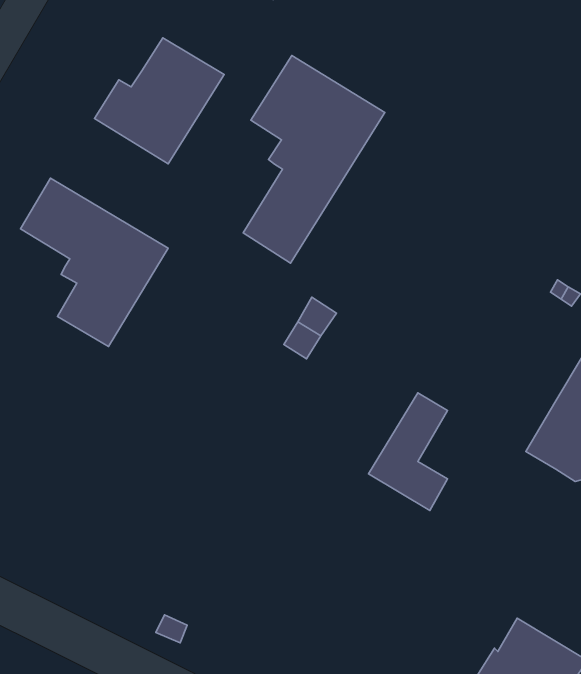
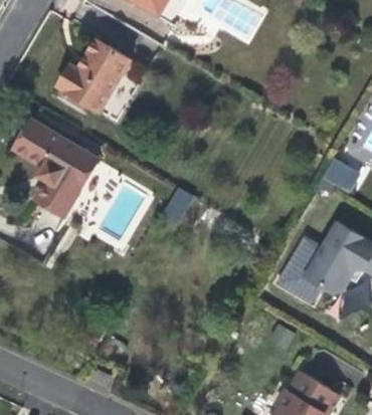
building: [243,55,385,263] -> none
building: [369,393,448,511] -> [275,237,321,304]

